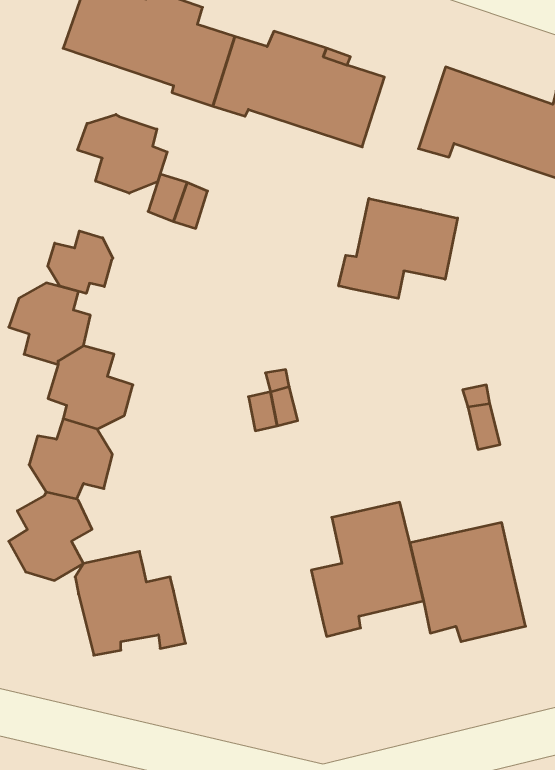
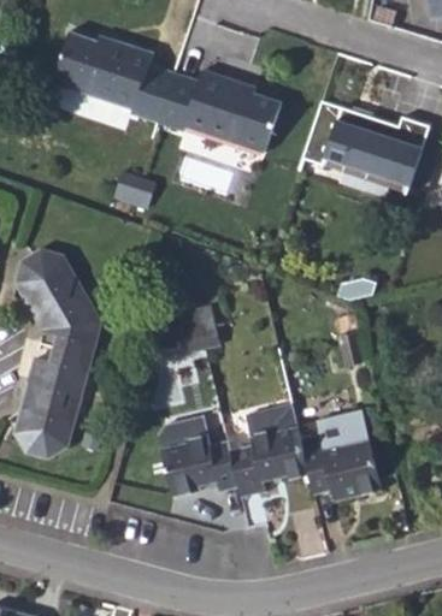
building: [78,114,167,193] -> none
building: [339,198,458,298] -> none
building: [48,231,113,293] -> none
building: [75,551,186,655] -> [159,424,237,497]

